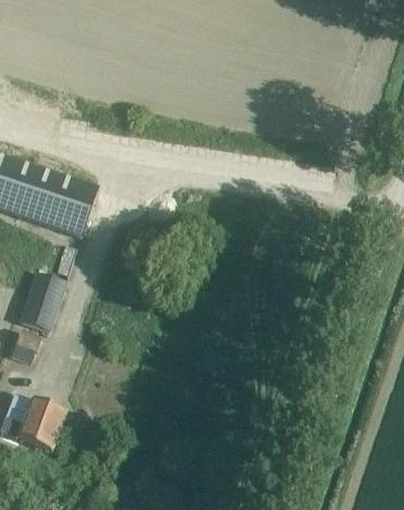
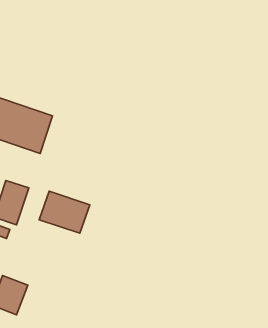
building: none -> [39,191,90,233]

